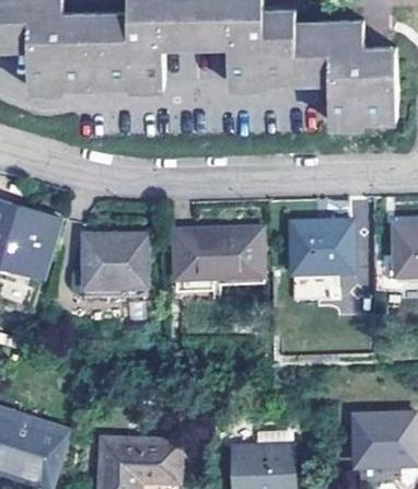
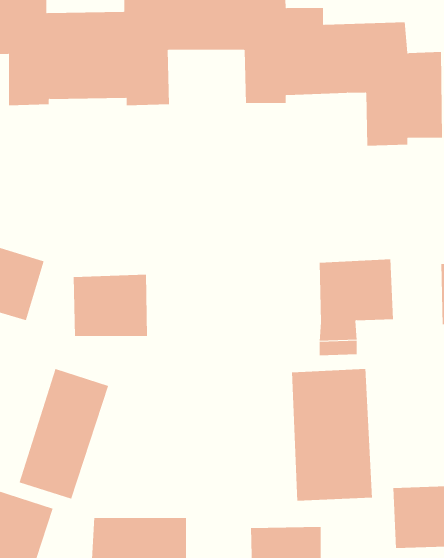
building: [173,229,263,279] -> none
building: none -> [19,368,109,500]
building: none -> [292,368,373,501]

